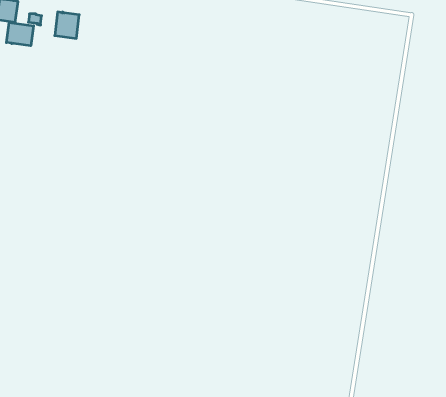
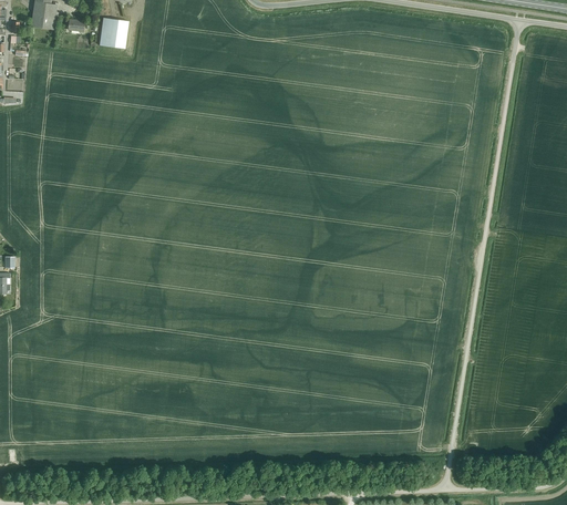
building: [6,23,34,46] -> none

